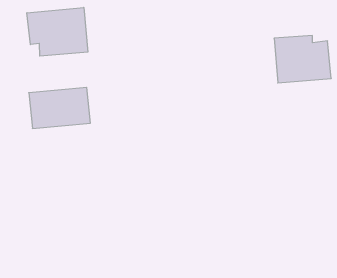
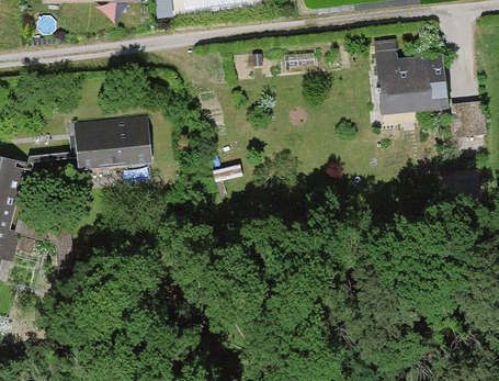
building: [27,7,88,56] -> none

